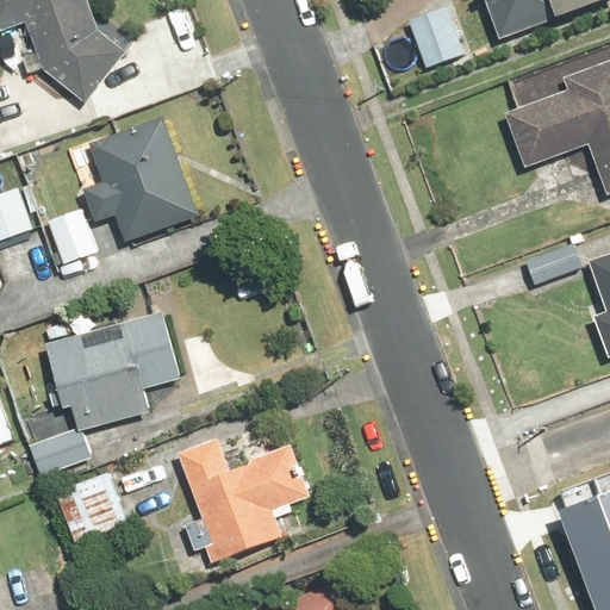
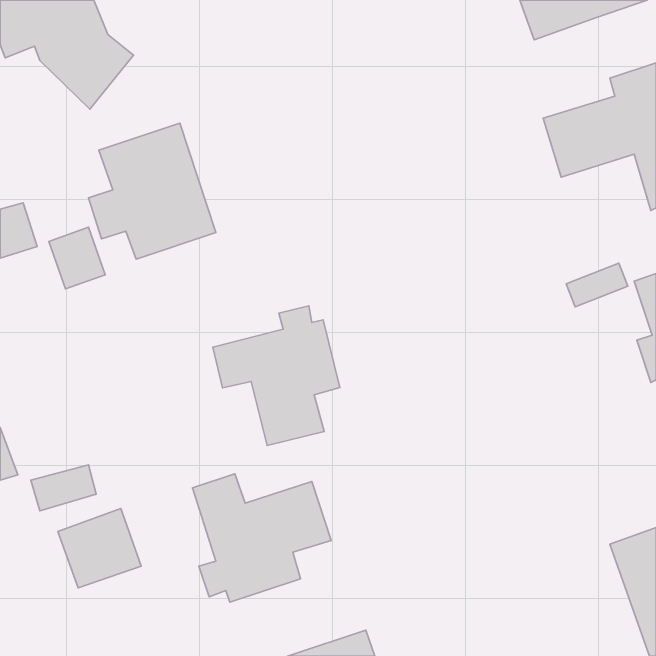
building: [406,5,469,67] -> none
building: none -> [213,306,340,445]
building: [44,315,176,429] -> none

